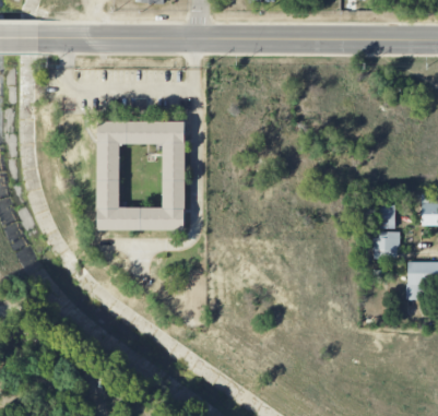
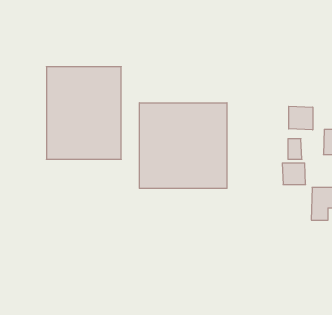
building: none -> [139,103,227,188]
building: none -> [289,106,313,130]

